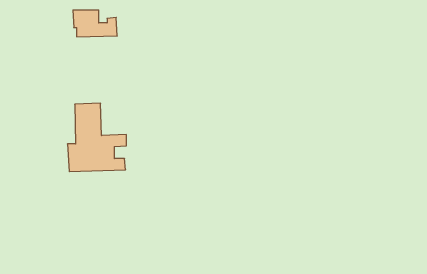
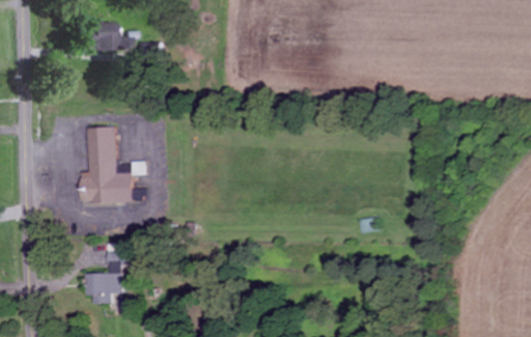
building: none -> [85,244,124,304]

